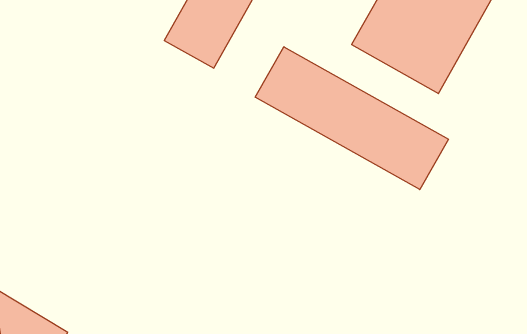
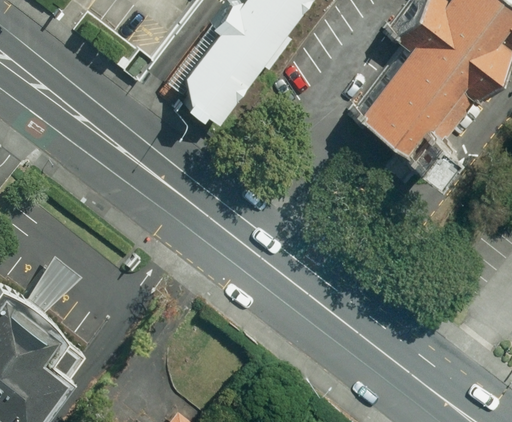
building: [255,47,448,190] -> none

